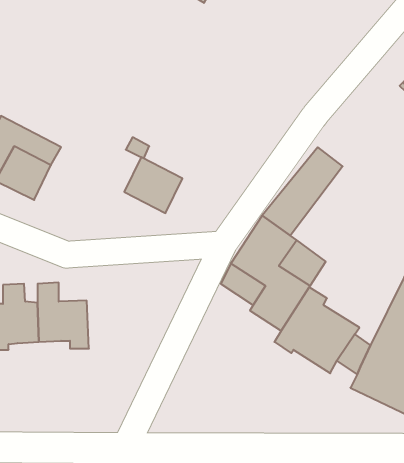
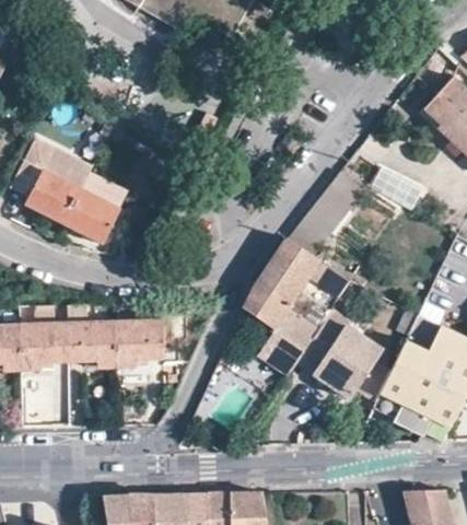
building: [124,157,182,213] -> [63,189,120,244]
building: none -> [115,320,164,369]
building: none -> [260,331,305,373]

